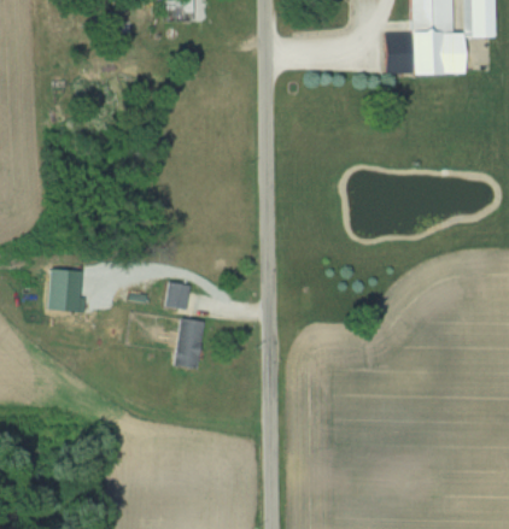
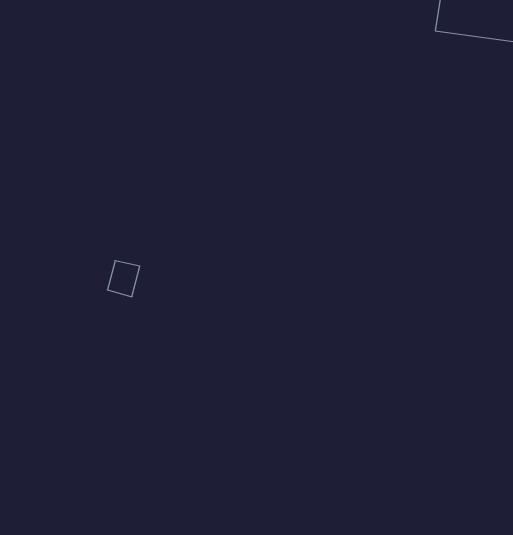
building: [174,318,204,369] -> none

